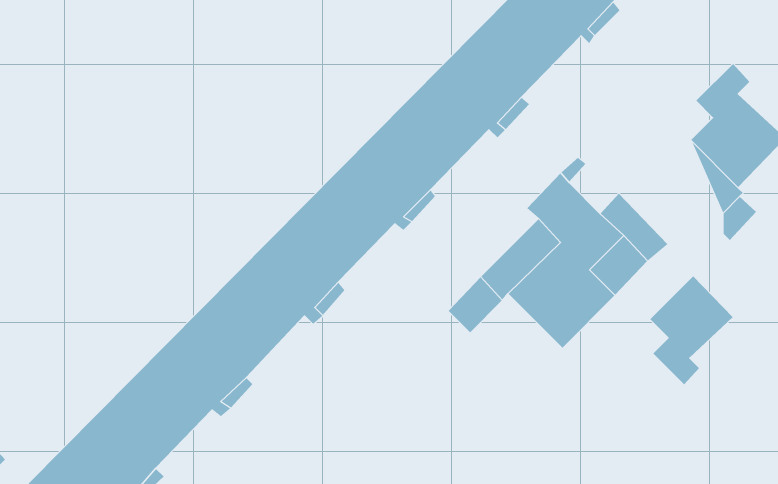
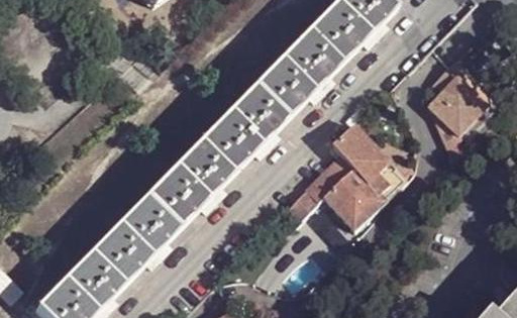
building: [649,275,733,385] -> none

